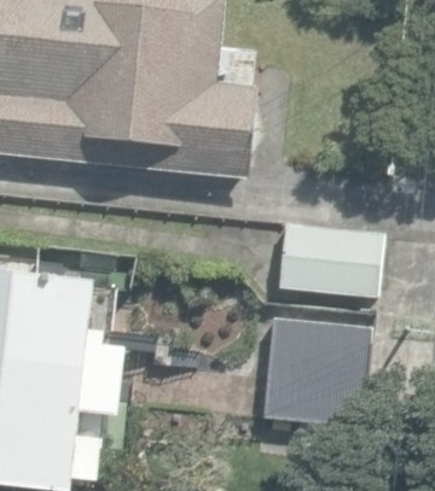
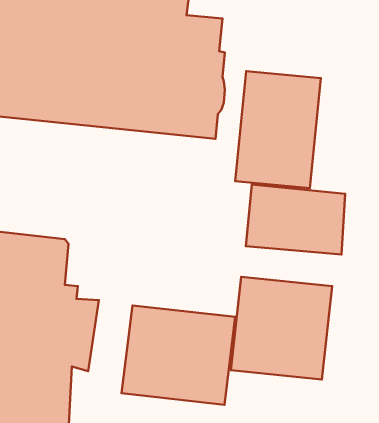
building: none -> [235,71,321,188]
building: none -> [122,305,235,405]

